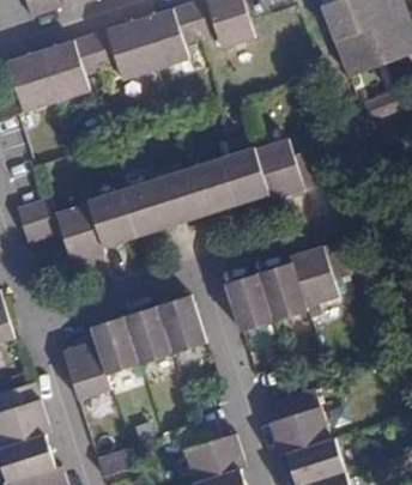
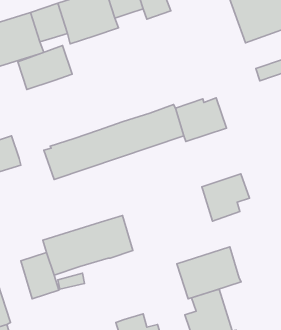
building: none -> [18,46,72,89]
building: [59,213,104,265] -> none
building: [224,263,305,329] -> [177,247,241,299]

